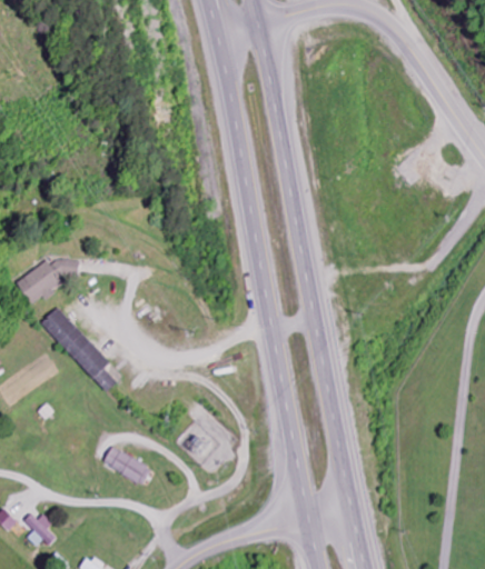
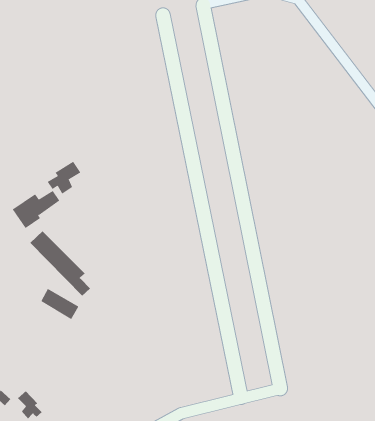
building: none -> [47,161,81,195]
building: [103,446,152,486] -> [41,288,79,320]

